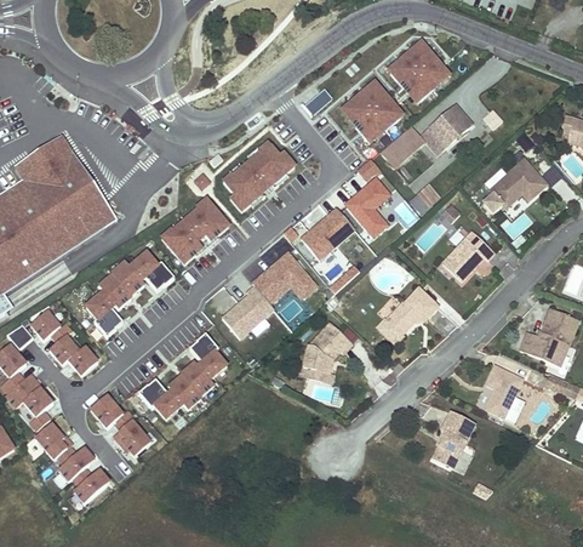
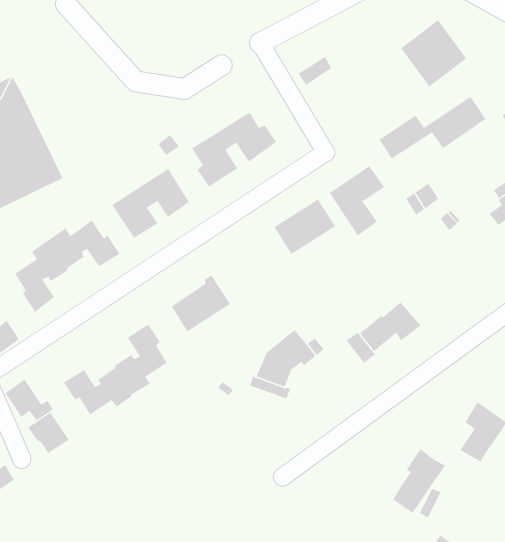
building: [343,84,400,141] -> none
building: [441,230,493,280] -> none
building: [255,250,319,301] -> none

